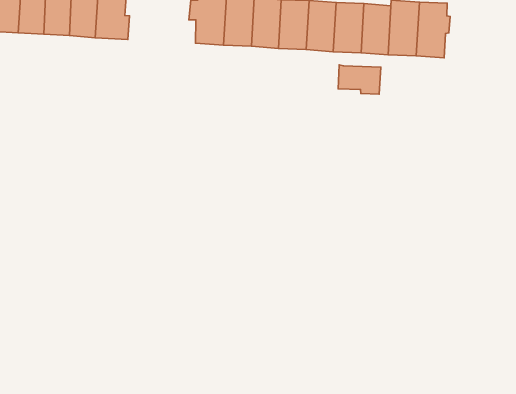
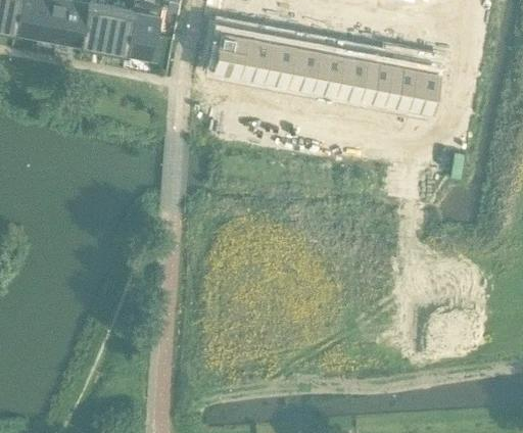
building: [338,65,381,94] -> none

